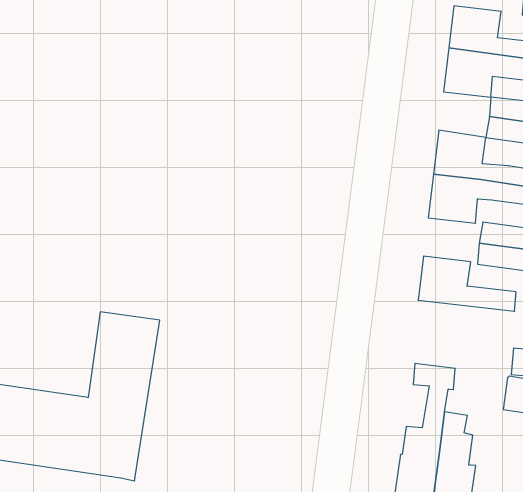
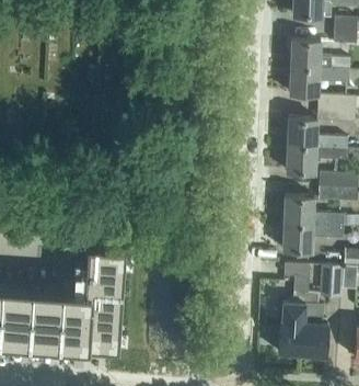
building: none -> [282,226,344,253]
building: none -> [320,268,343,299]

